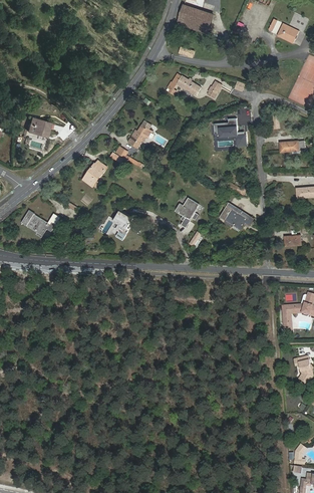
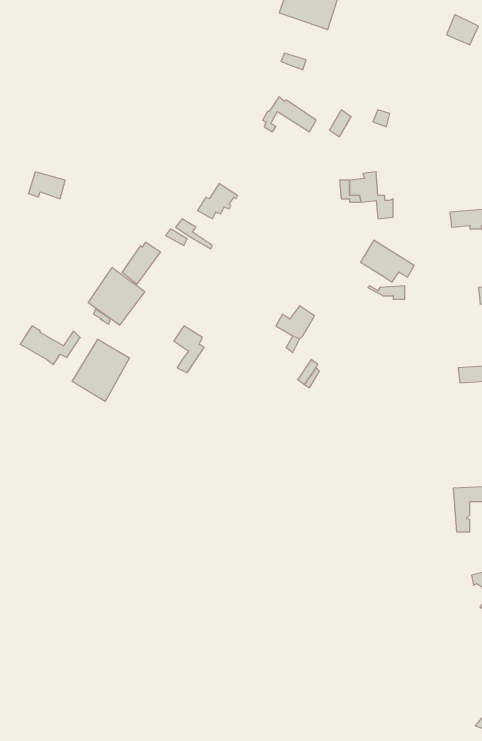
building: none -> [88,267,145,325]
building: [220,202,252,227] -> [361,240,414,282]
building: none -> [72,339,130,401]

